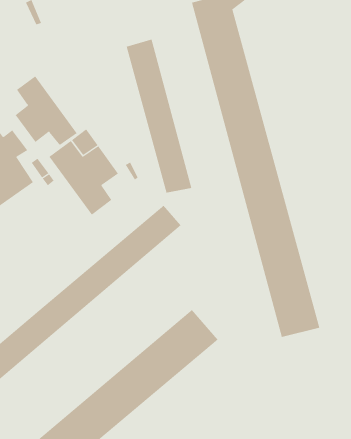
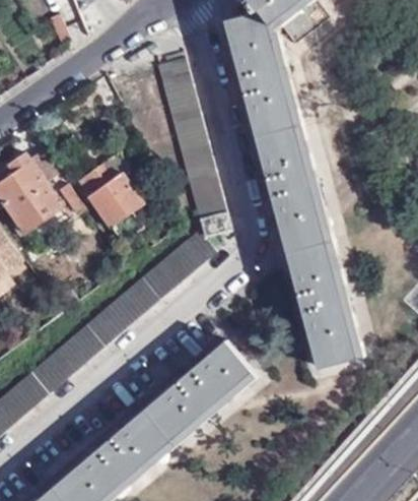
building: [15,76,78,146] -> none

